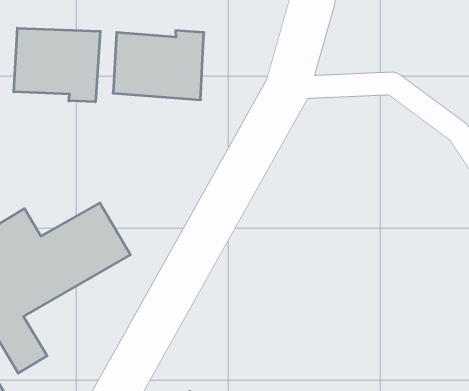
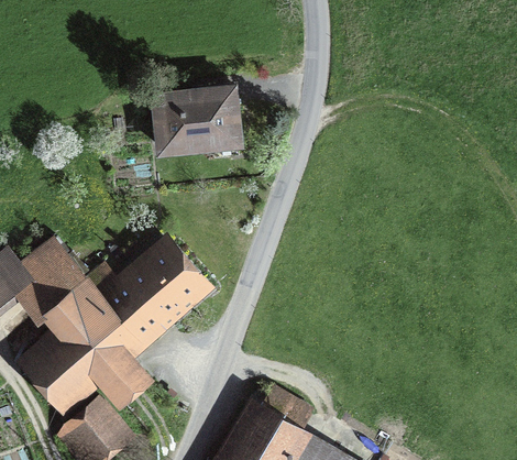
building: [14,28,100,102] -> none

